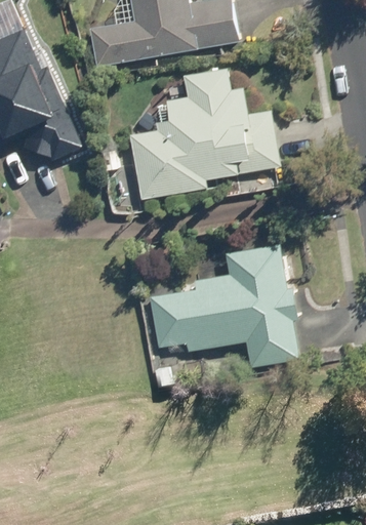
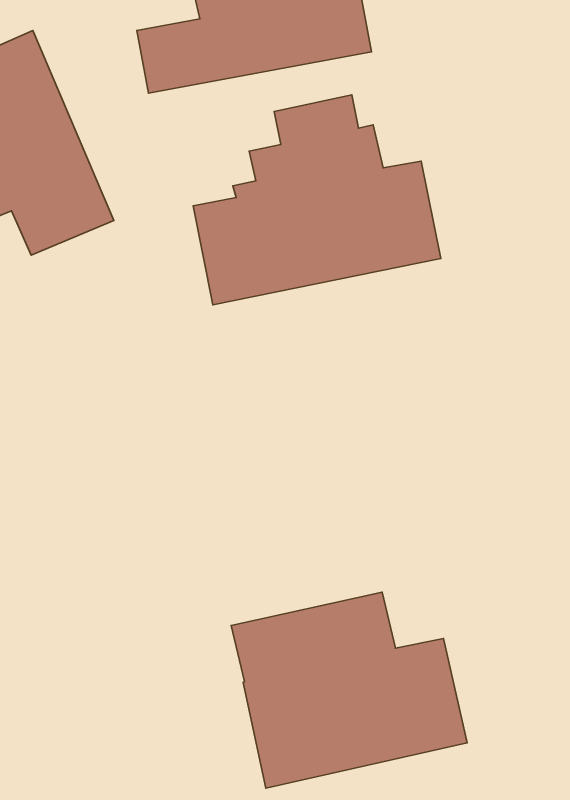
building: [146,243,303,368] -> none
building: none -> [231,592,467,788]

